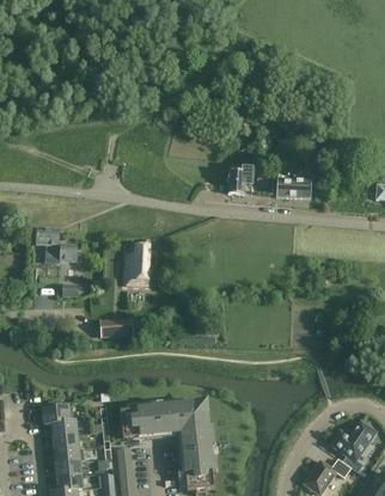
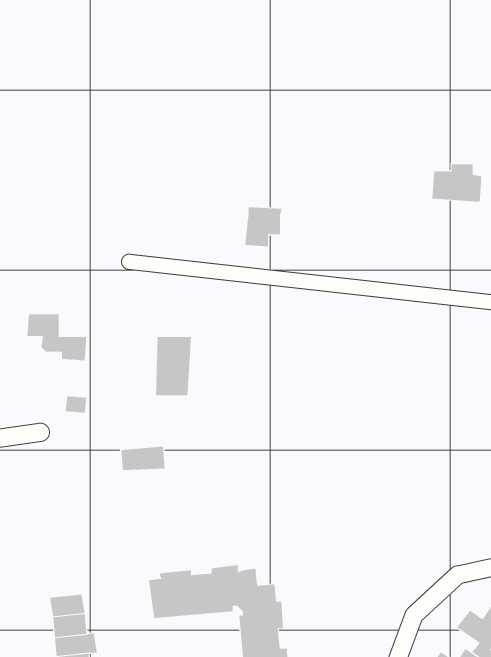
building: [227,166,253,194] -> [244,207,283,247]
building: [276,172,311,198] -> [432,164,482,202]
building: [43,400,74,424] -> none

